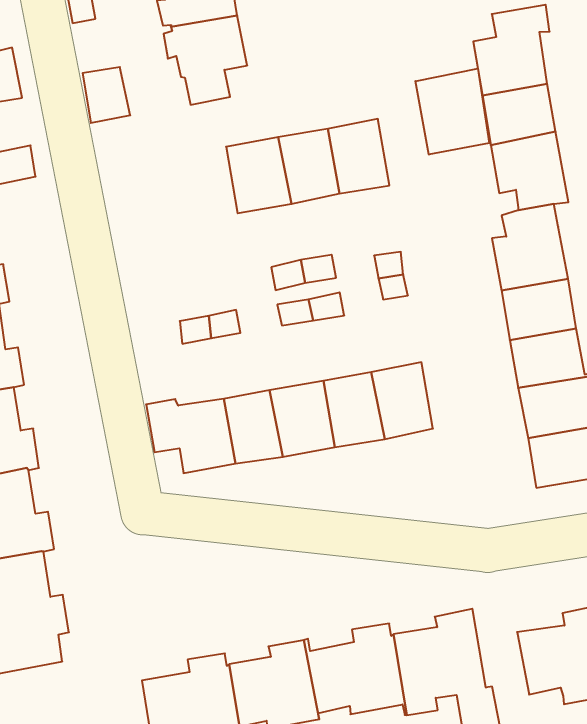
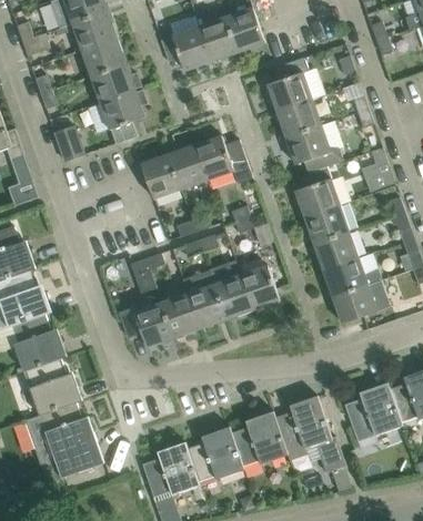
building: [415,69,489,155] -> none

